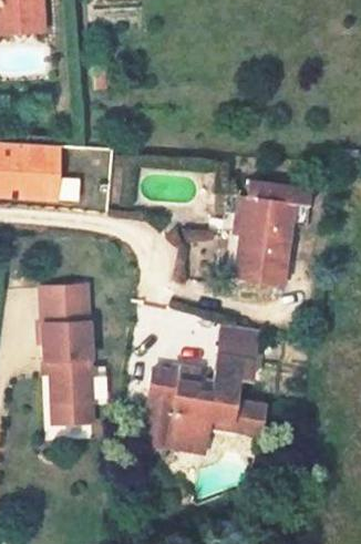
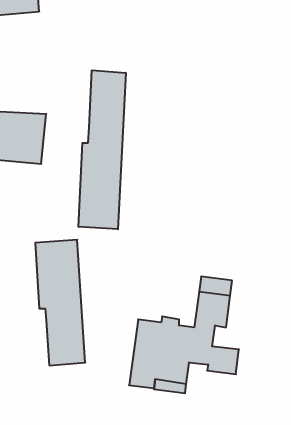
building: none -> [79,70,126,229]
building: [229,182,309,281] -> none

